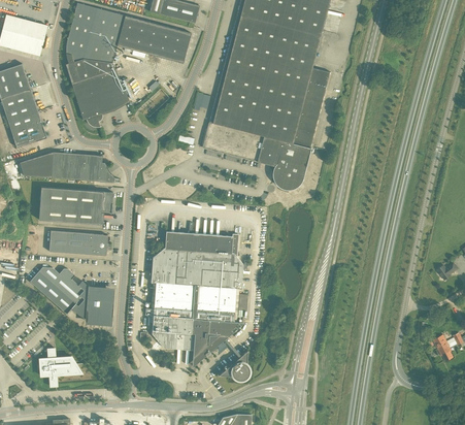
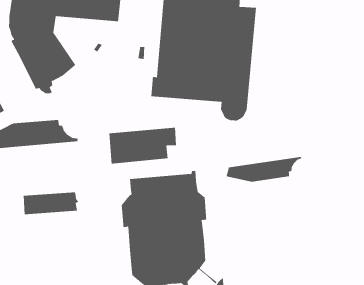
building: [37,187,112,224] -> [109,127,177,164]
building: none -> [226,156,302,183]
building: [29,267,109,321] -> none

